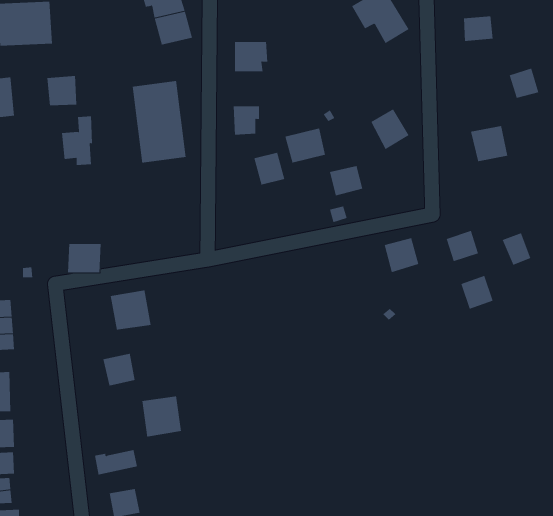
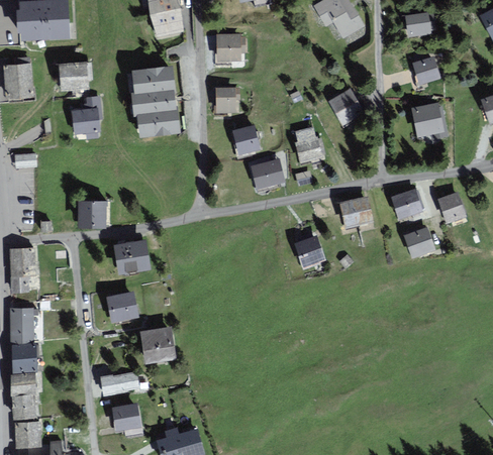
building: [509,68,539,98] -> [414,58,439,83]
building: [284,128,326,163] -> [251,159,285,189]
building: none -> [296,235,324,266]

